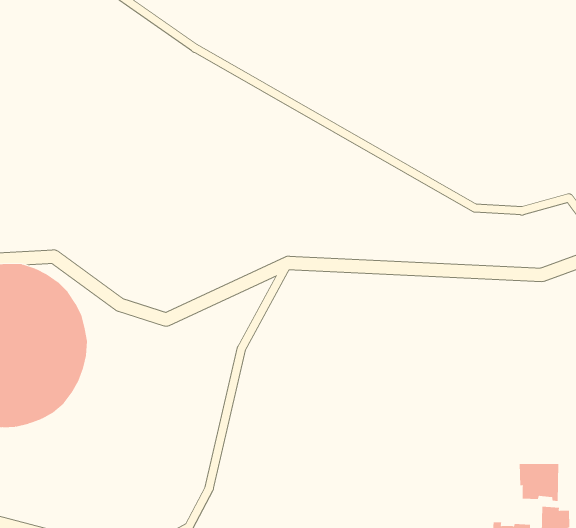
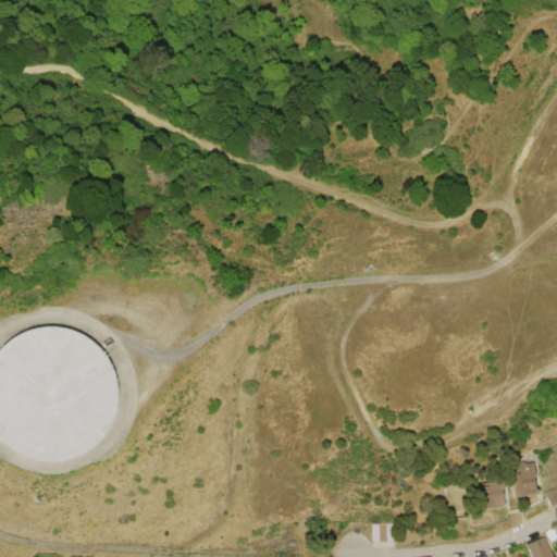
building: [519,463,559,502] -> none

